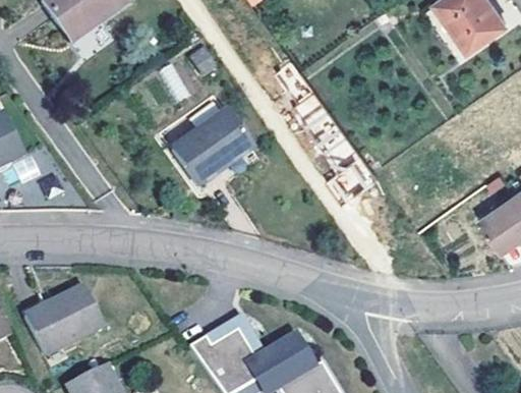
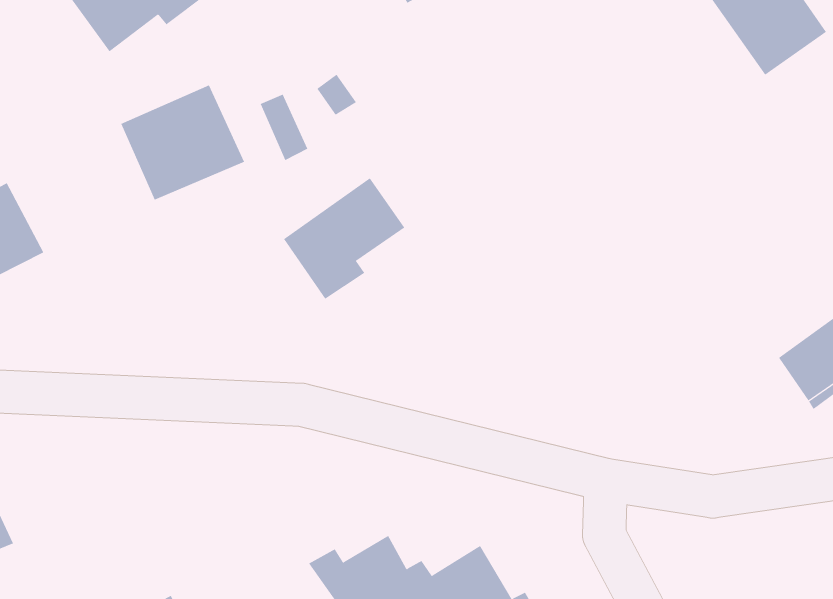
building: none -> [121,84,245,200]
building: [24,288,104,356] -> none

